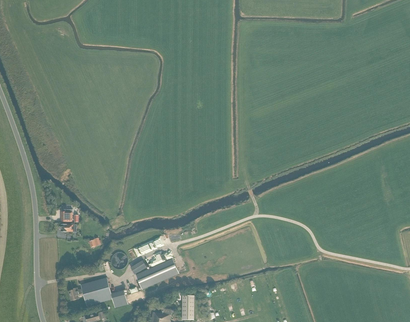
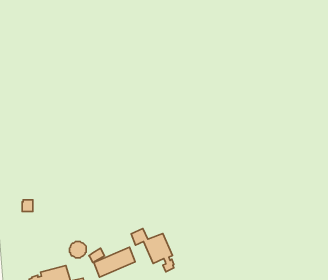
building: none -> [131,228,174,272]

